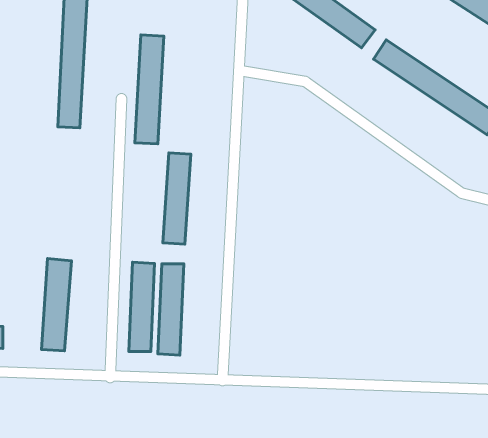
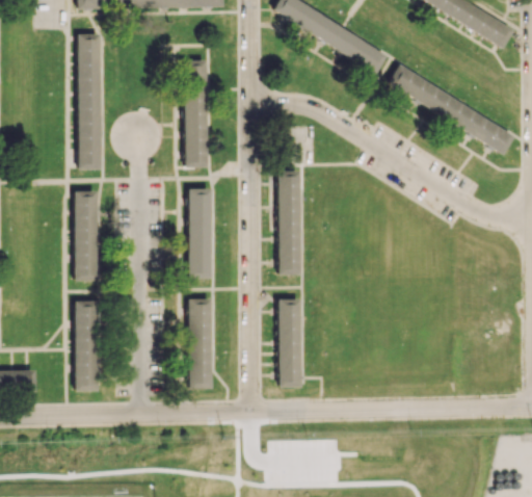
building: [135,35,164,144] -> [185,60,208,167]
building: none -> [278,171,300,276]
building: none -> [75,191,99,281]
building: [129,262,155,352] -> [278,299,301,388]

